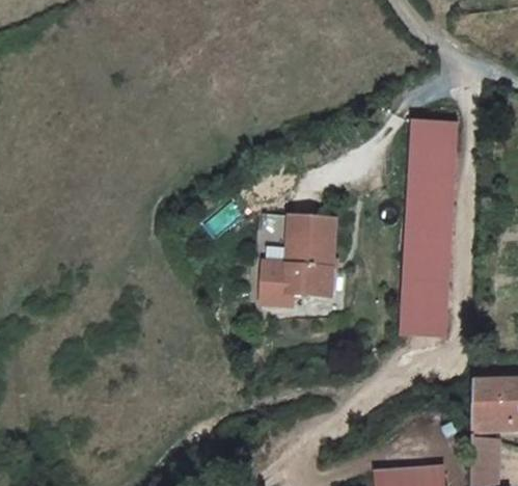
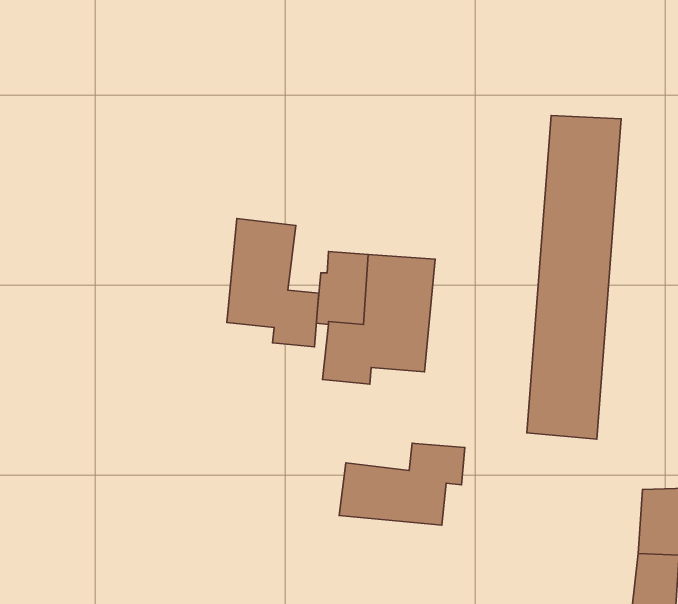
building: none -> [227,218,319,347]
building: none -> [339,443,465,525]

